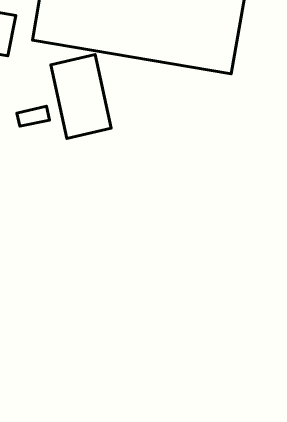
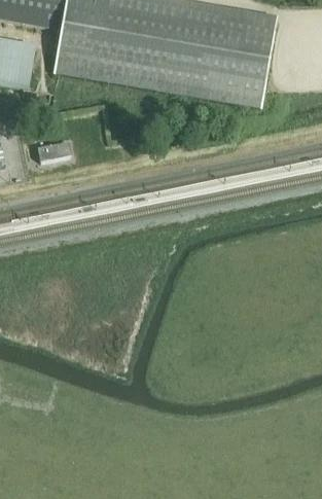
building: [51,55,111,139] -> none

